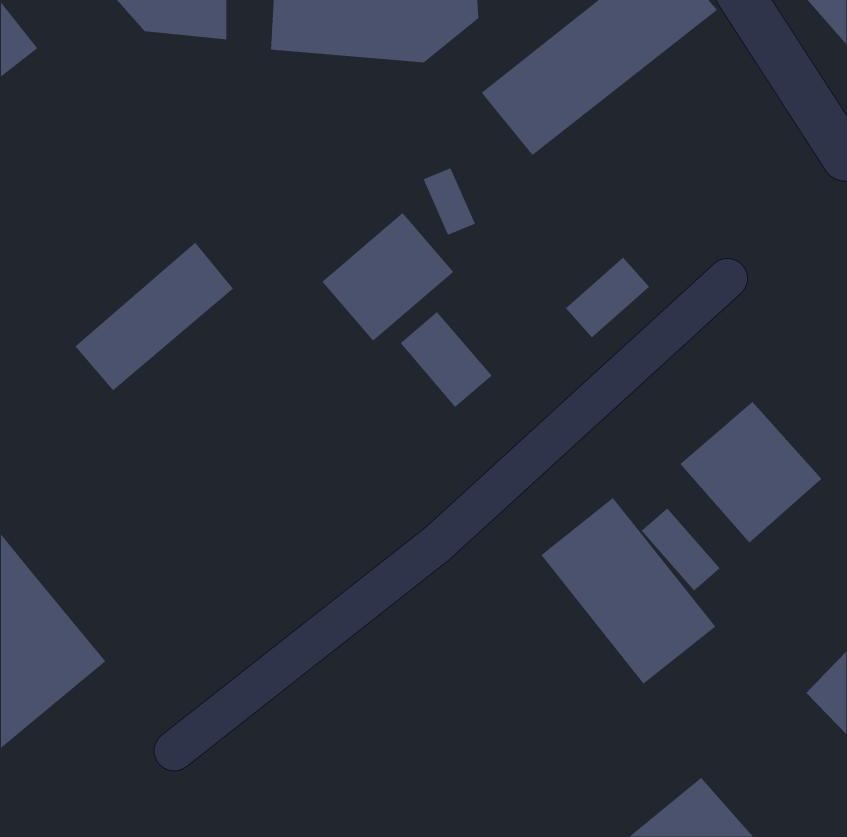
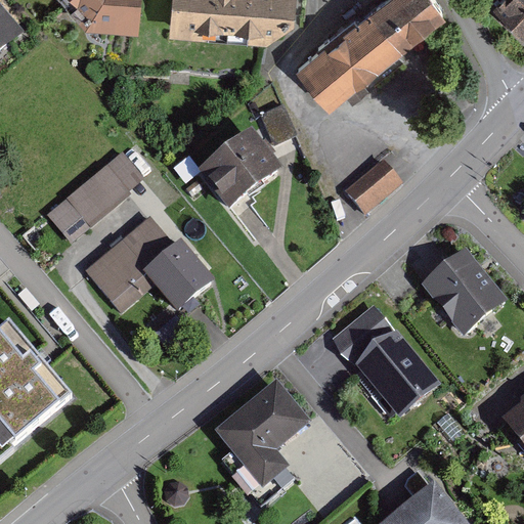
building: [400,311,493,408] -> none
building: none -> [88,216,216,315]
building: [641,507,721,592] -> none
building: none -> [214,385,307,492]

